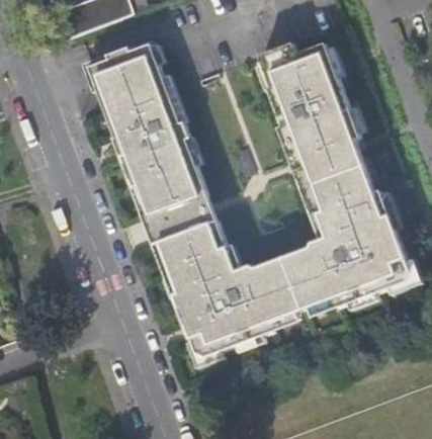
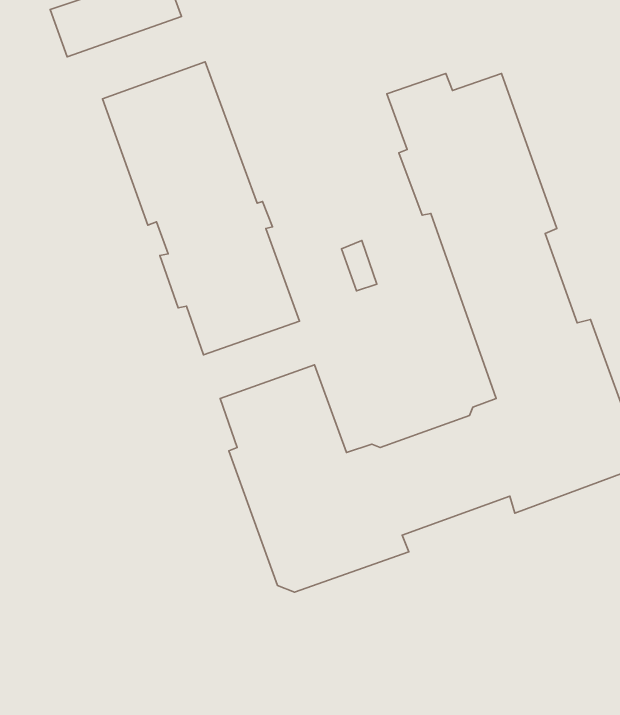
building: [150,195,217,242] -> none

